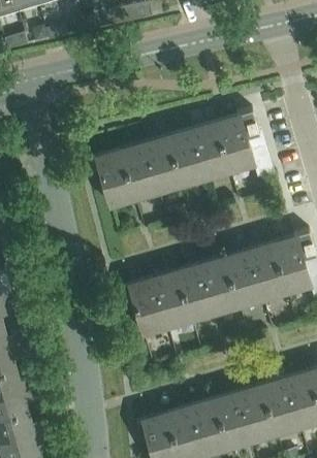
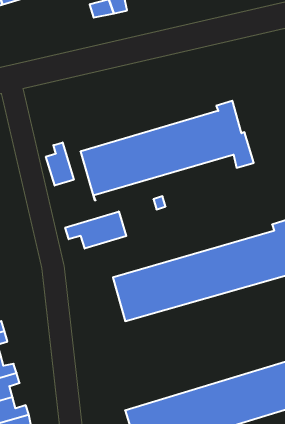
building: none -> [46,142,74,186]
building: none -> [65,211,126,249]

